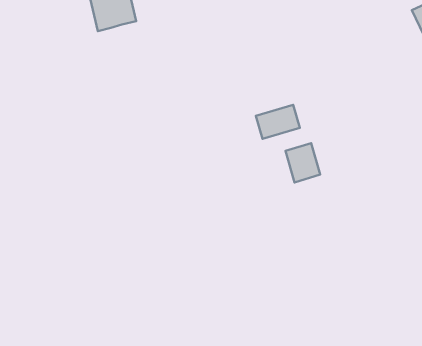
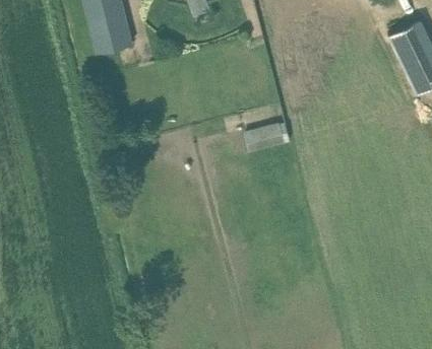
building: [285,143,320,182] -> none

